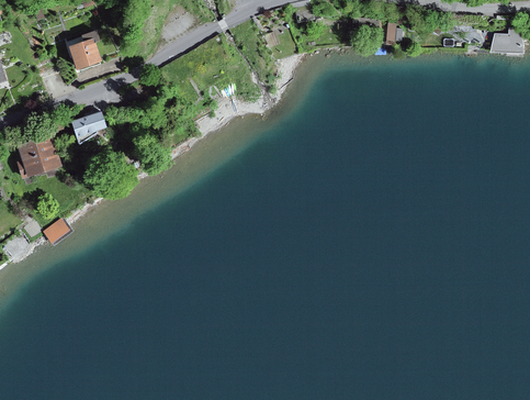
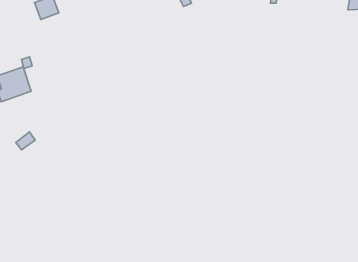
building: [70,112,106,145] -> none

